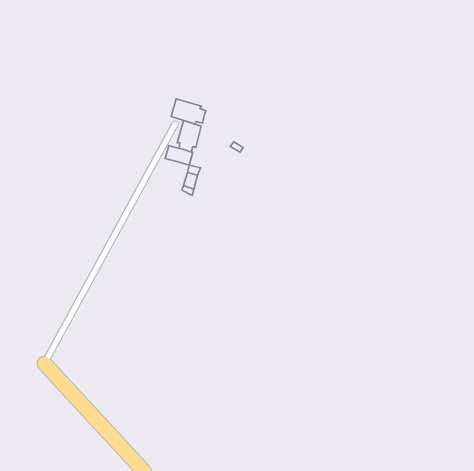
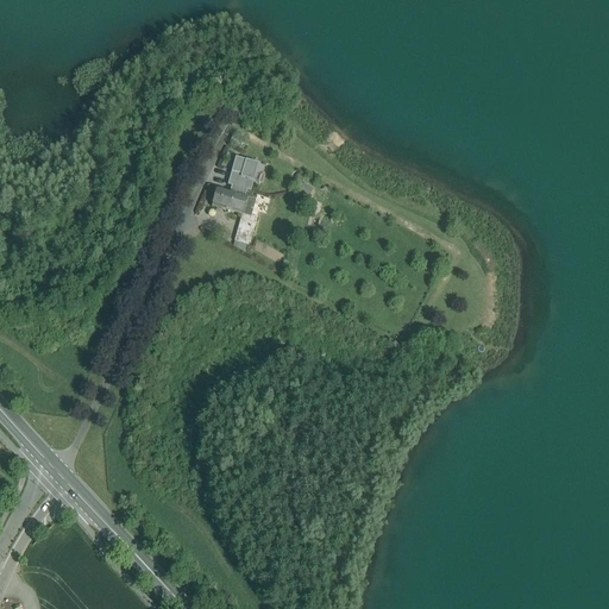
building: [171,99,206,124] -> none

